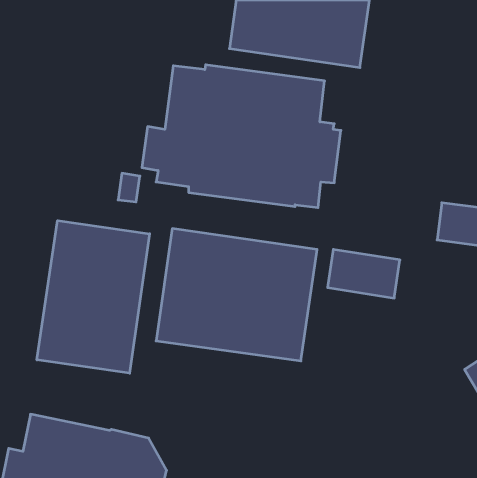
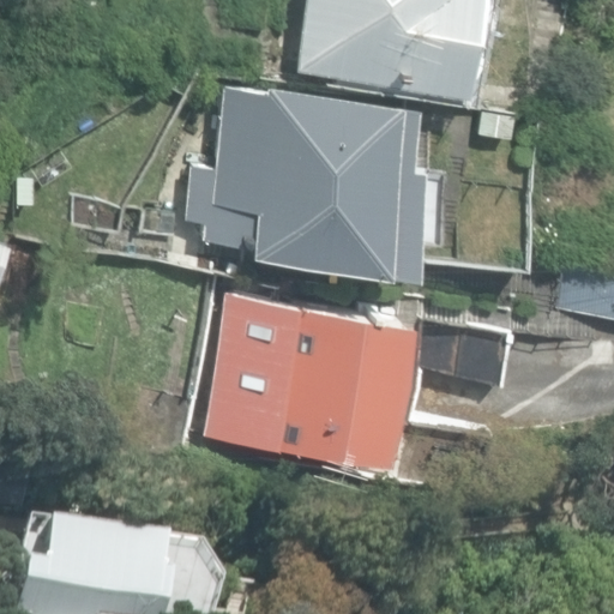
building: [37,221,150,373] -> none

